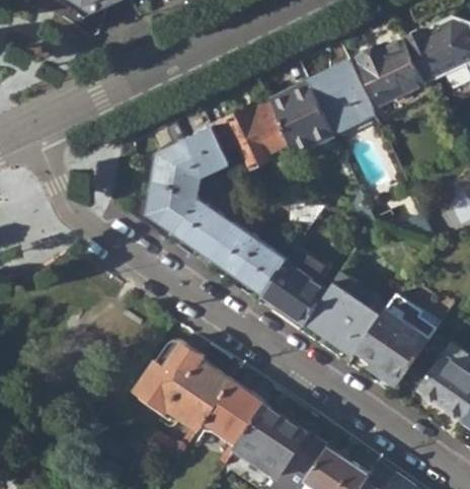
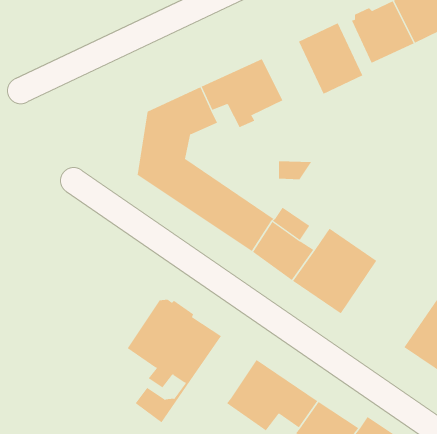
building: [272,81,335,153] -> none
building: [352,292,440,387] -> none
building: [205,379,266,442] -> none

